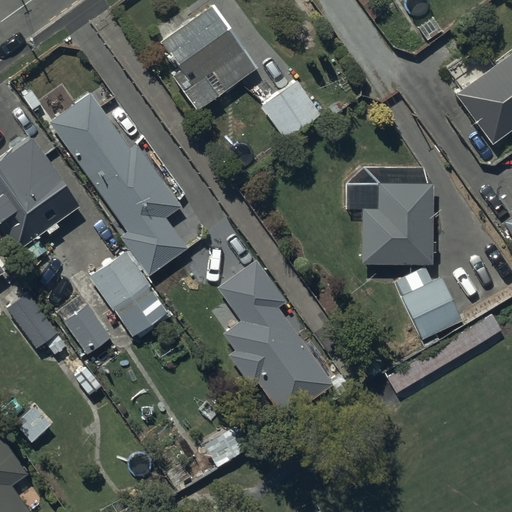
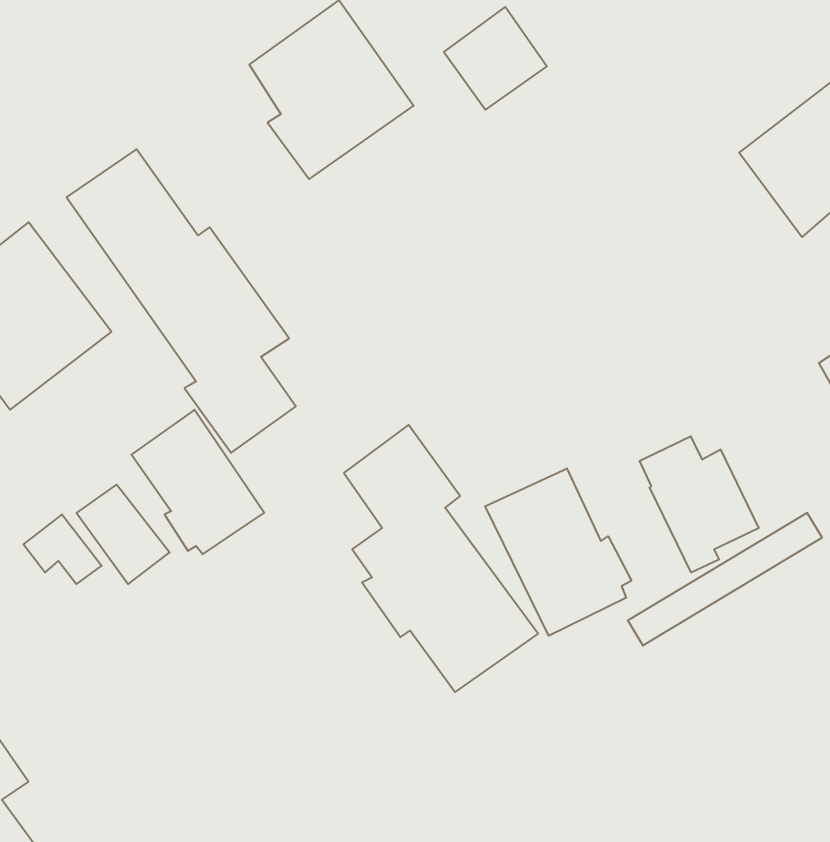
building: [260,79,322,141] -> [444,7,547,110]
building: [360,184,432,265] -> none
building: none -> [485,468,631,636]

